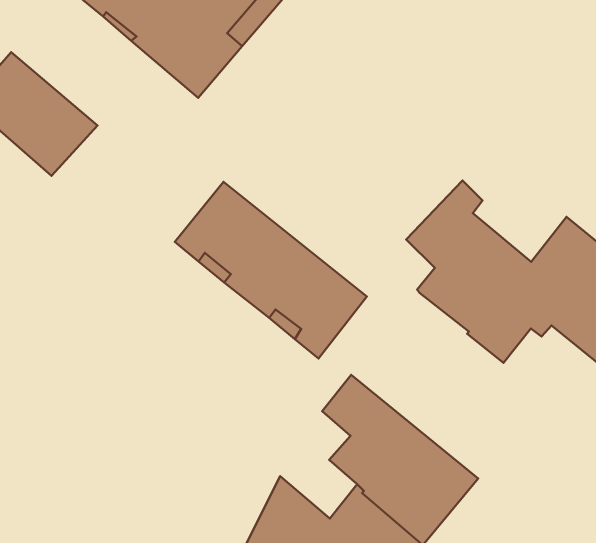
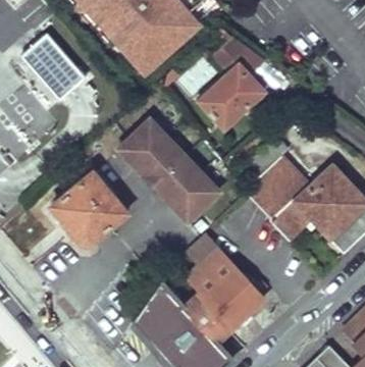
building: none -> [199,36,263,126]
building: none -> [50,170,126,243]

